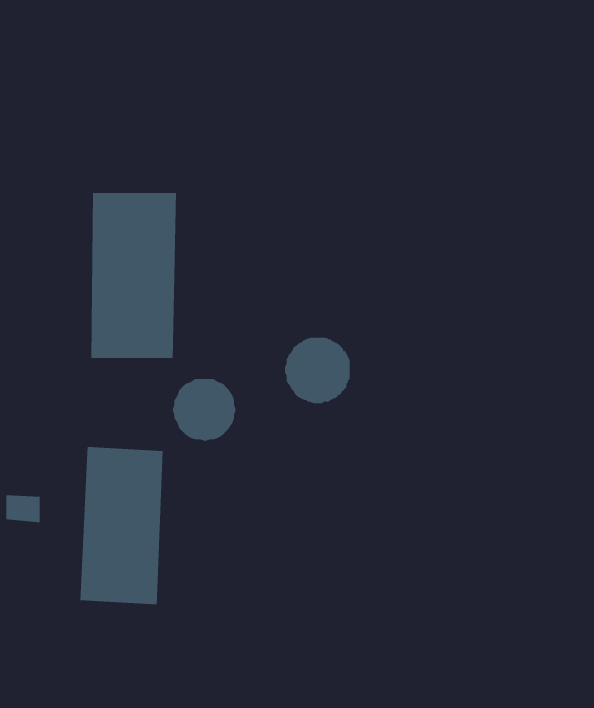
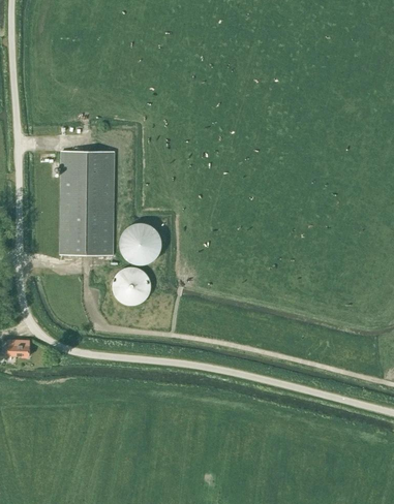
building: [284,337,351,404] -> [119,223,160,264]
building: [80,446,163,605] -> none

